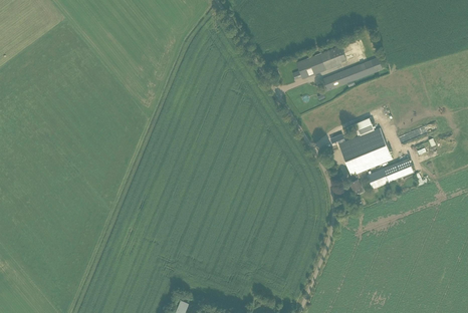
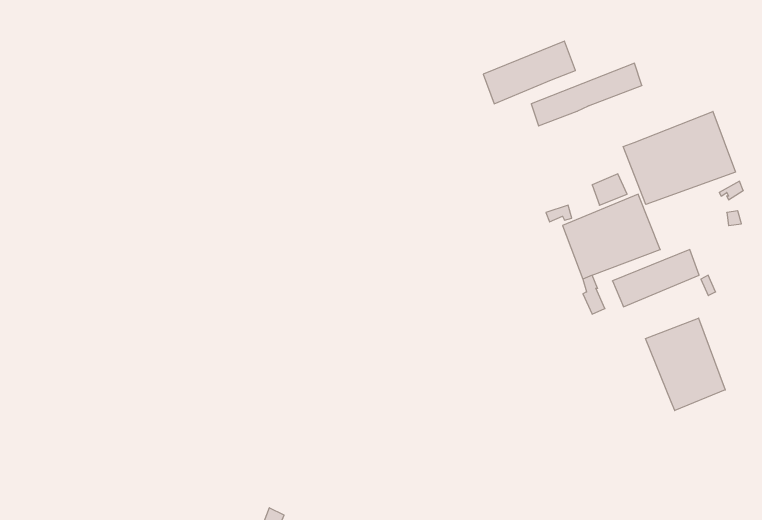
building: none -> [623,111,736,204]
building: none -> [646,318,725,411]

